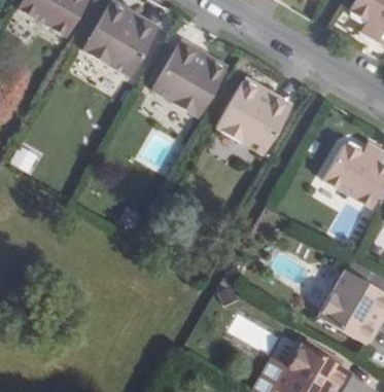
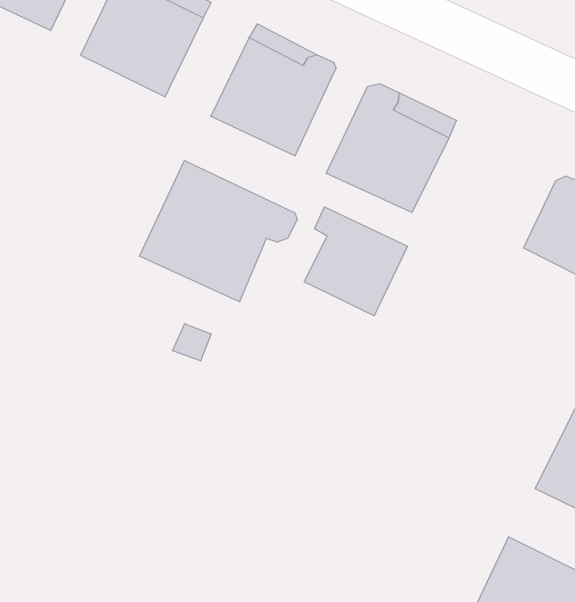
building: none -> [139,161,297,302]
building: none -> [304,207,407,316]

